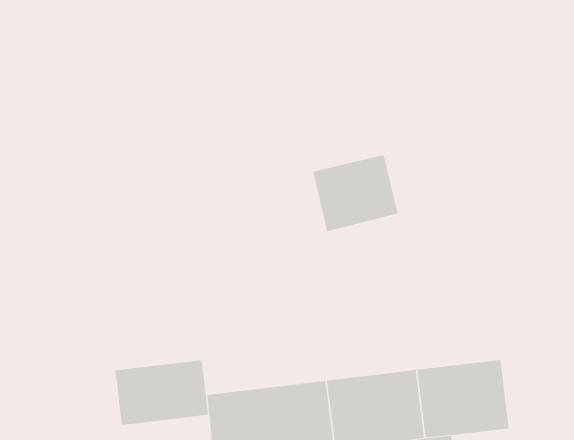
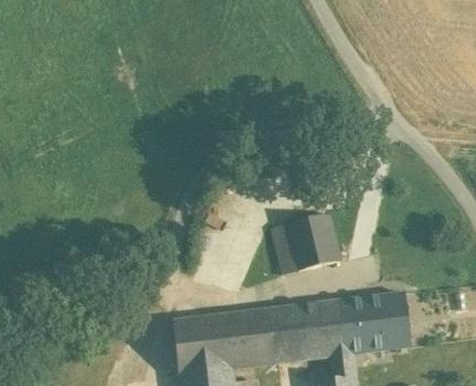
building: [312,154,398,232] -> [272,213,340,274]
building: [115,359,209,425] -> none

